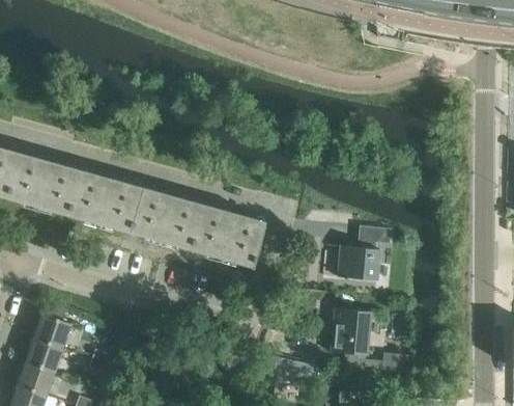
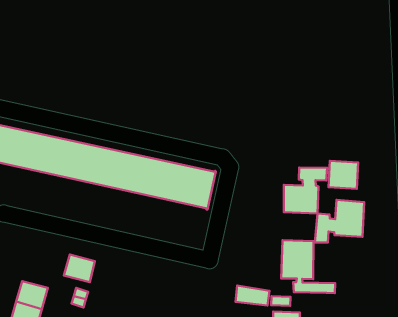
building: none -> [329,161,358,189]
building: none -> [315,200,364,243]
building: [35,314,72,347] -> [64,254,95,282]

